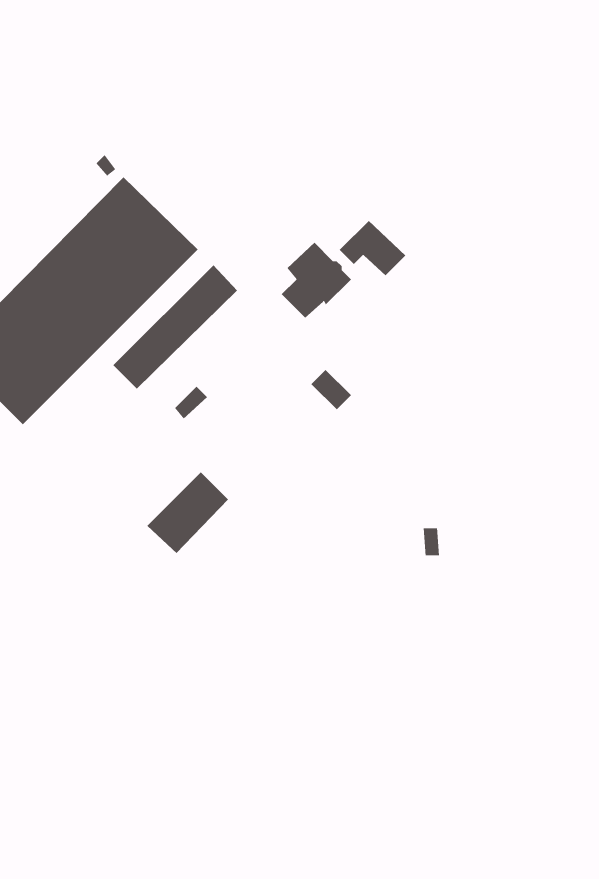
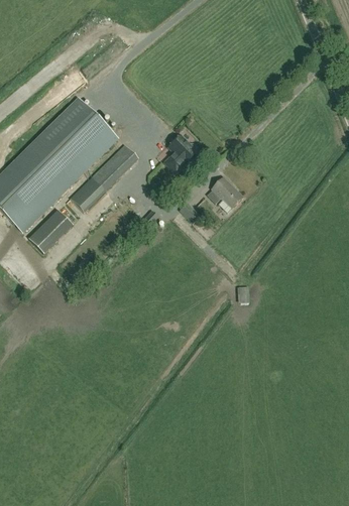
building: [339,220,406,276] -> [207,178,243,209]
building: [147,472,229,554] -> [28,209,73,253]

